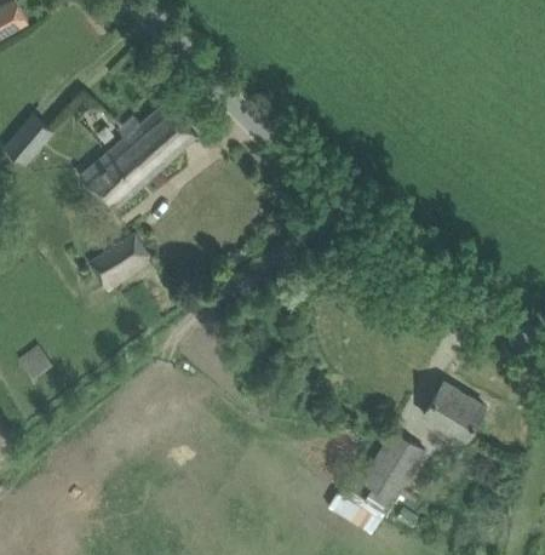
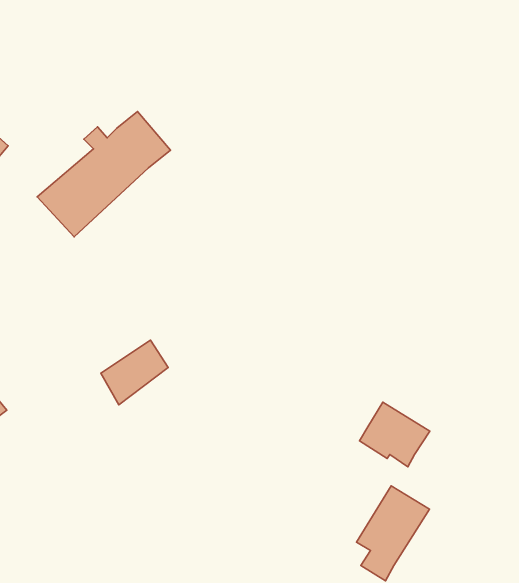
building: [91,234,150,291] -> [101,340,168,405]
building: [423,381,484,437] -> [359,402,430,467]

